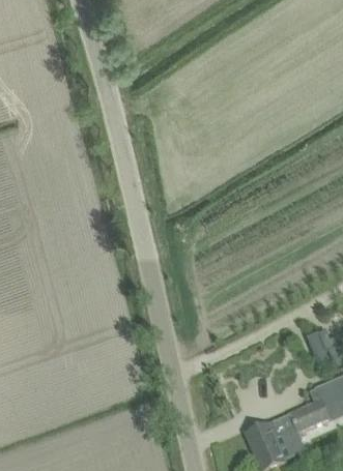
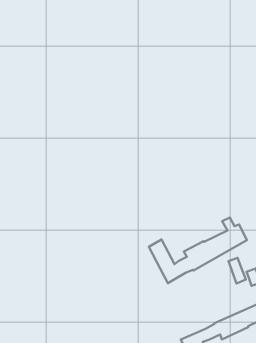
building: none -> [149,218,247,283]

